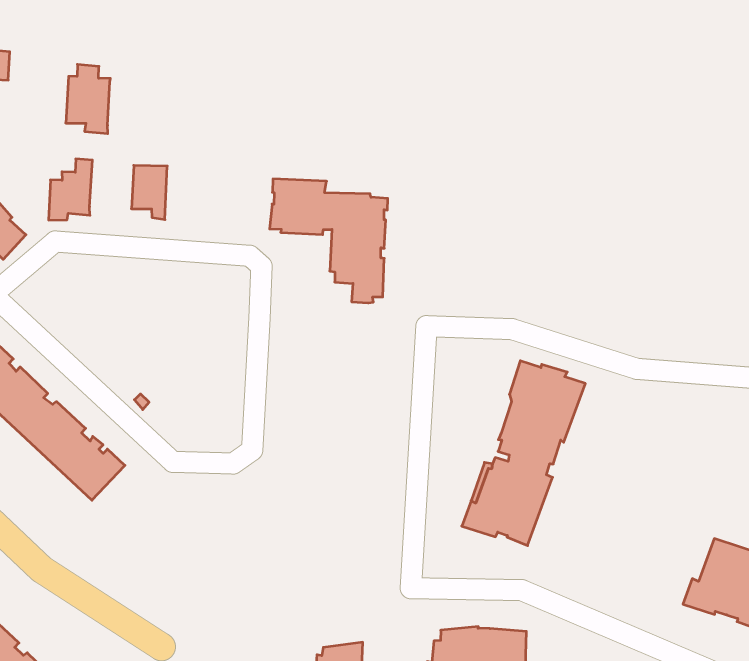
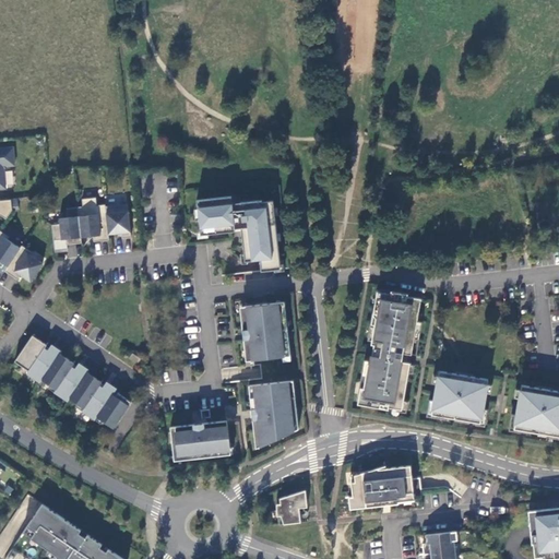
building: [66,64,110,134] -> [78,199,109,242]
building: none -> [240,302,290,361]
building: none -> [249,381,299,444]
building: none -> [427,371,488,427]
building: none -> [170,421,230,460]

